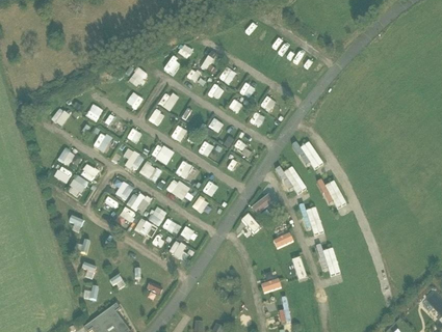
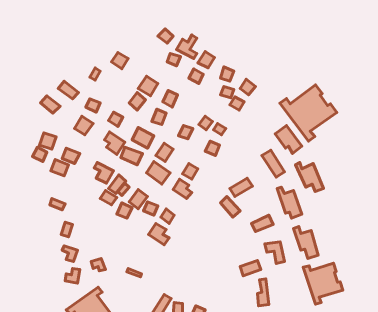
building: none -> [280,85,337,141]
building: none -> [303,263,343,304]

